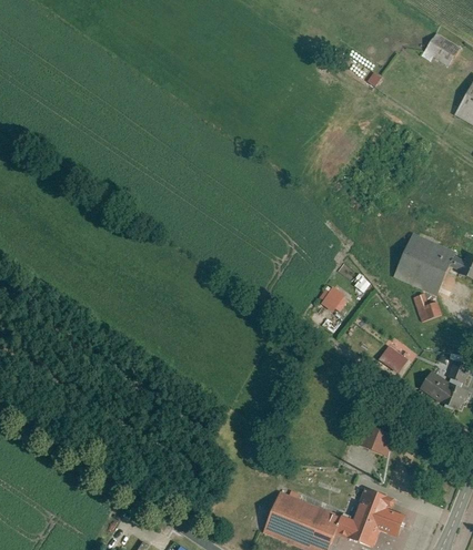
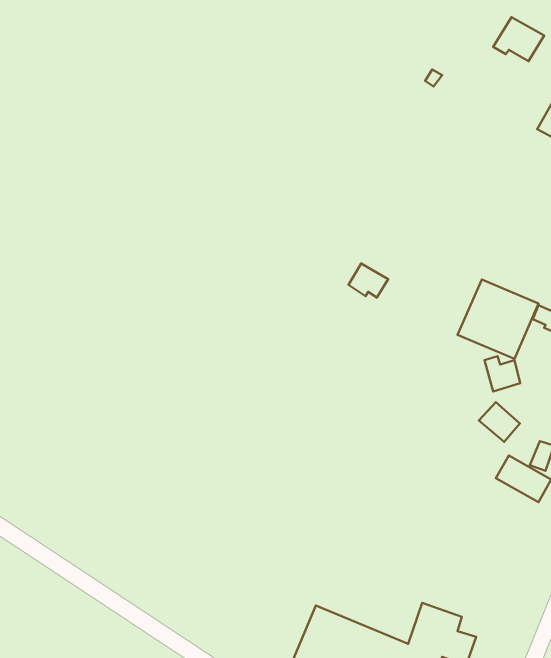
building: [316,284,348,310] -> [348,263,388,297]
building: [375,342,407,373] -> [479,402,520,442]
building: [360,425,392,455] -> none

